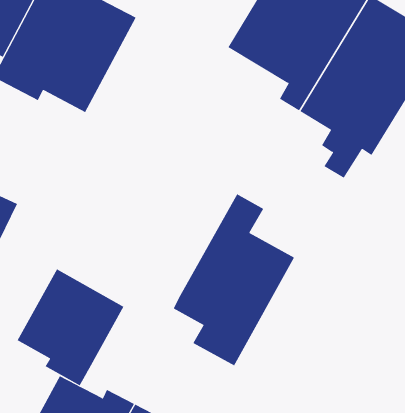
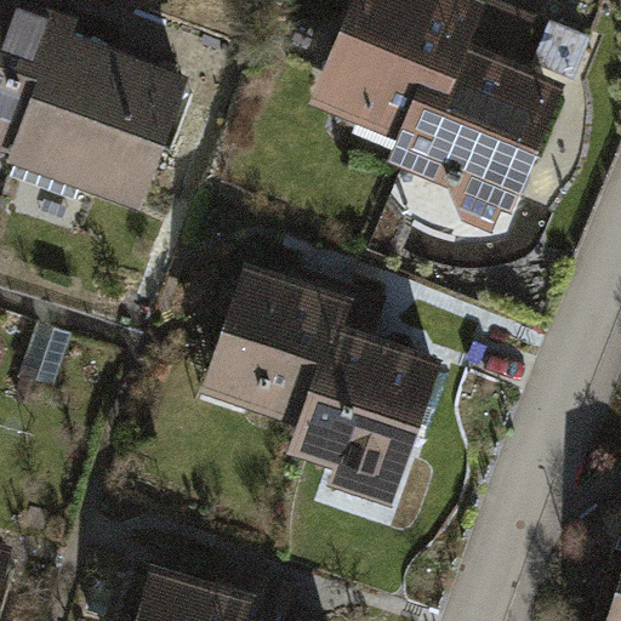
building: none -> [199,261,352,431]
building: [17,269,124,386] -> none

